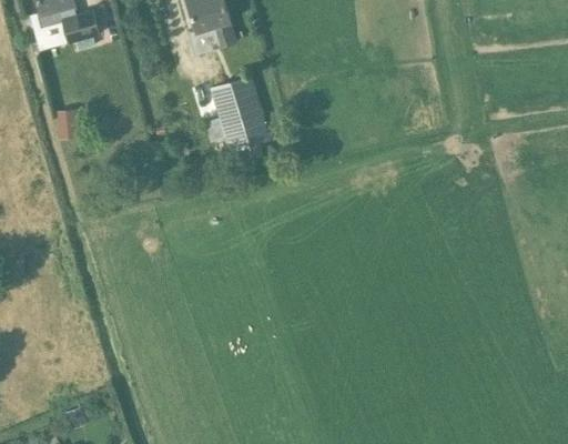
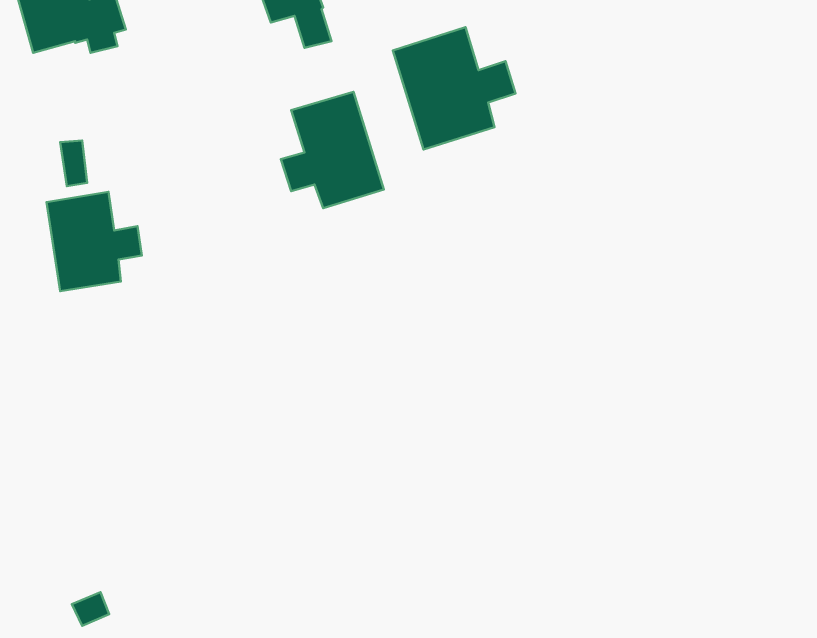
building: none -> [393,27,516,149]
building: none -> [47,192,142,291]

